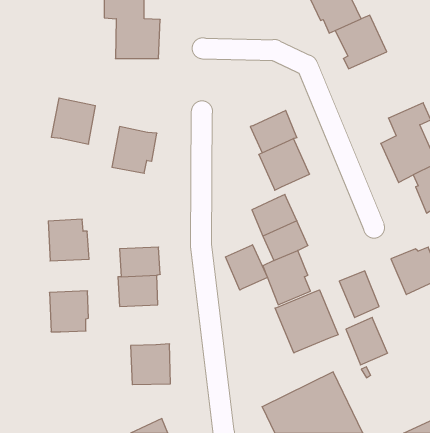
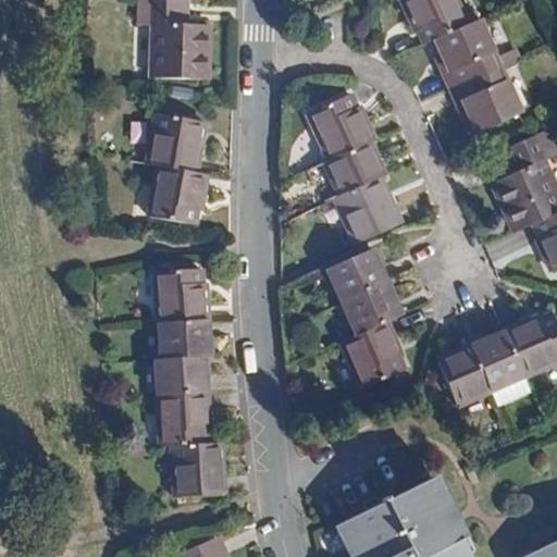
building: none -> [451,66,521,133]
building: none -> [310,95,375,161]
building: [51,98,95,144] -> [146,111,202,170]
building: [48,219,89,261] -> [156,265,208,319]
building: [225,245,268,290] -> none
building: [275,290,338,353] -> none
building: [49,291,88,332] -> [158,391,208,443]
building: [346,317,388,365] -> [472,332,525,393]

